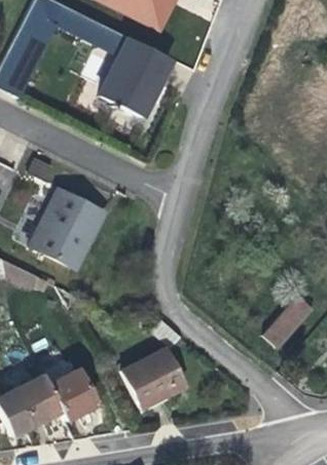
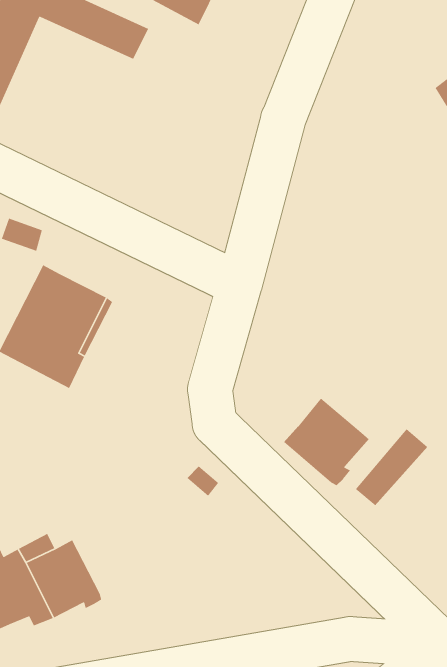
building: [99,37,170,117] -> none
building: none -> [283,398,370,486]
building: [120,348,185,410] -> none

